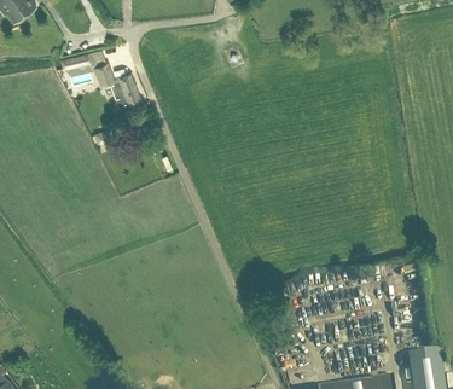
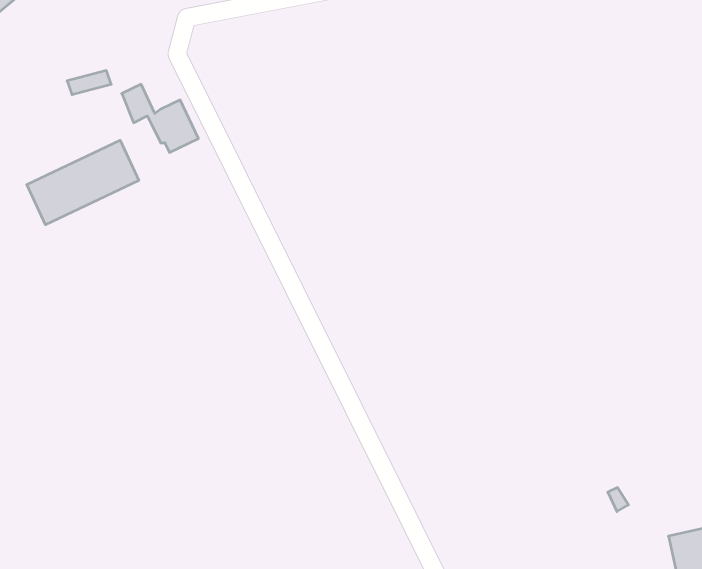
building: none -> [27,140,139,225]

